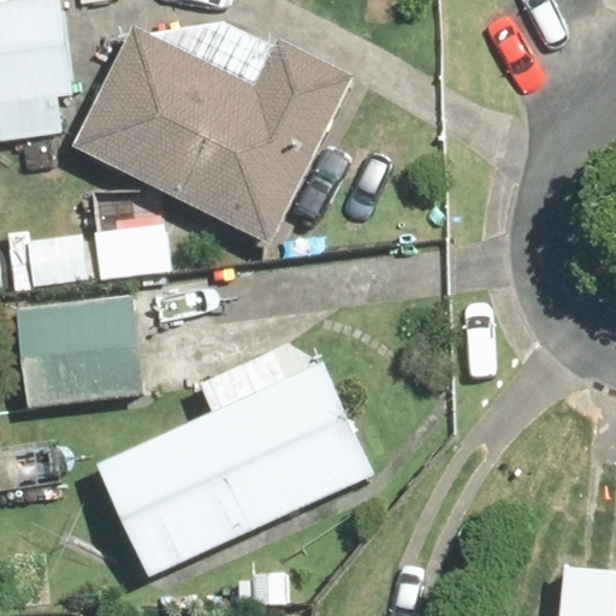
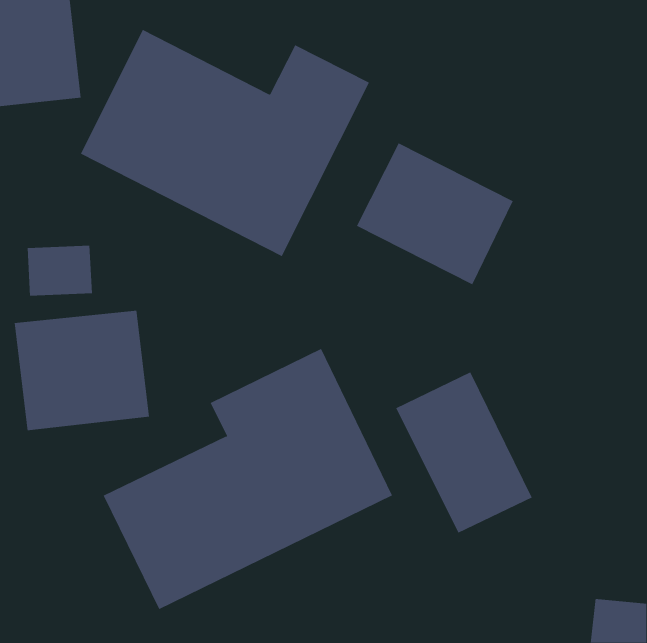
building: none -> [356,142,513,285]
building: none -> [395,372,532,534]

